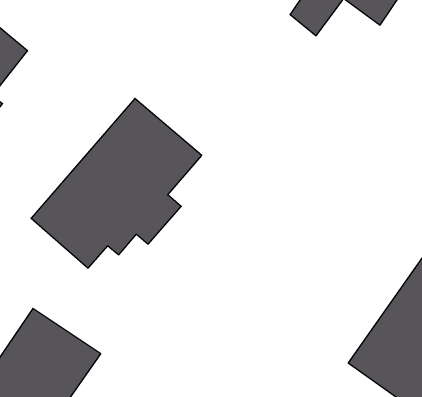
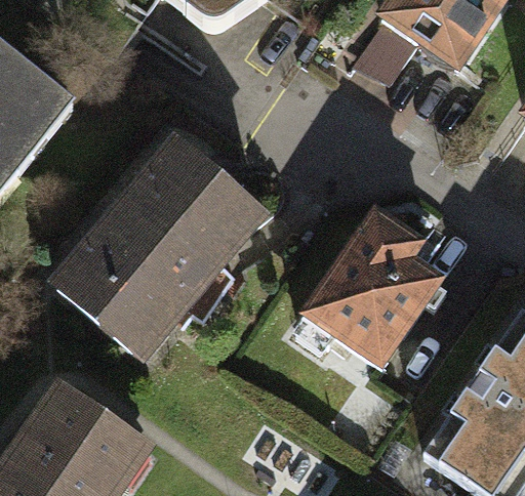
building: none -> [299,214,437,362]

